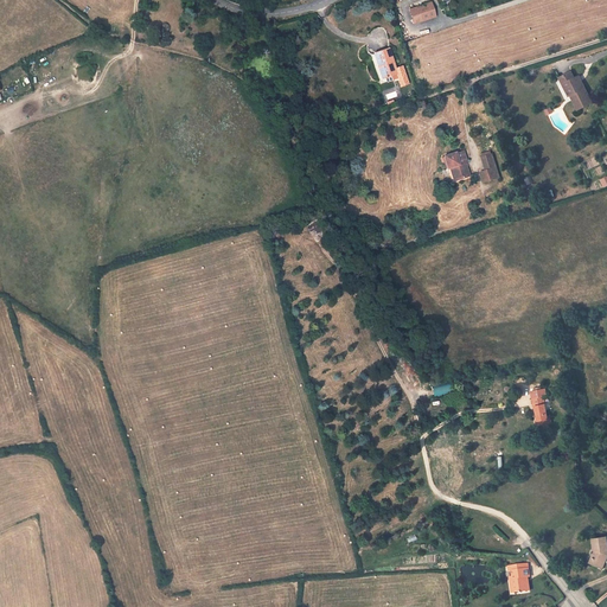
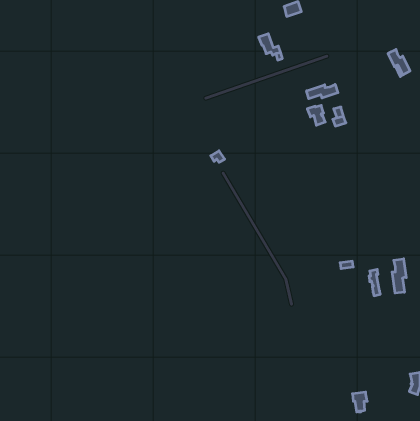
building: none -> [307,84,338,99]
building: none -> [392,259,406,293]

